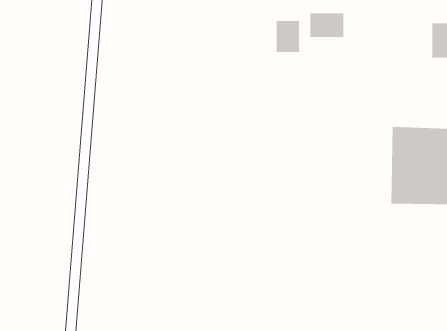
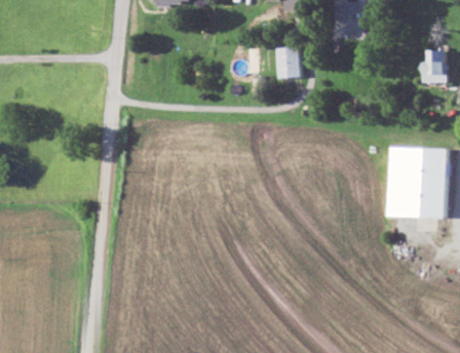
building: [310,13,344,38] -> none

